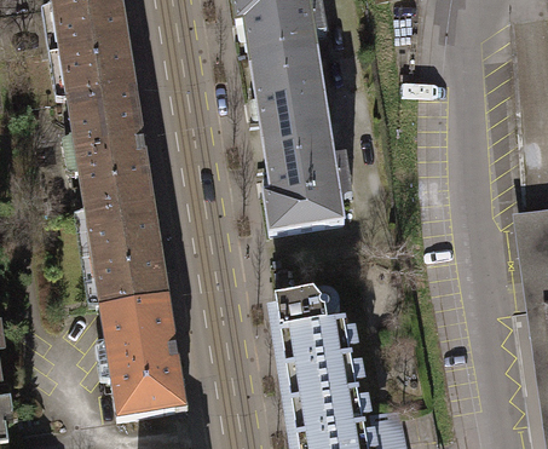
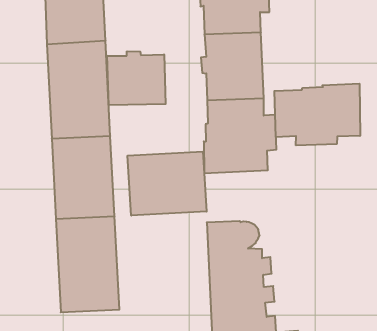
building: none -> [107,51,166,105]
building: none -> [274,84,360,145]
building: none -> [128,152,207,216]

